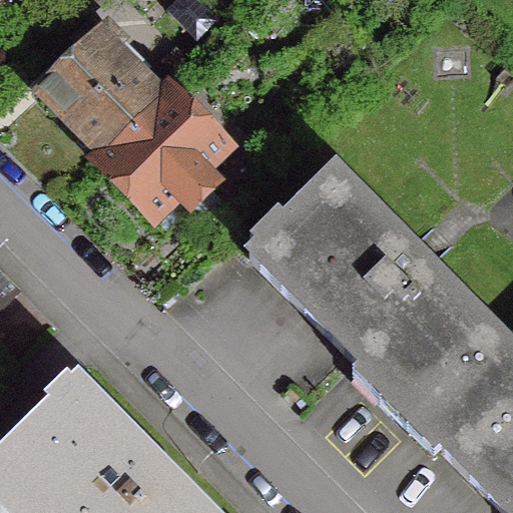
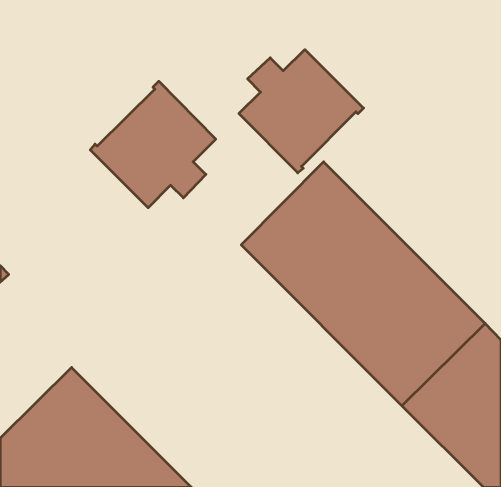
building: [35,18,158,149] -> none
building: none -> [239,50,364,173]

